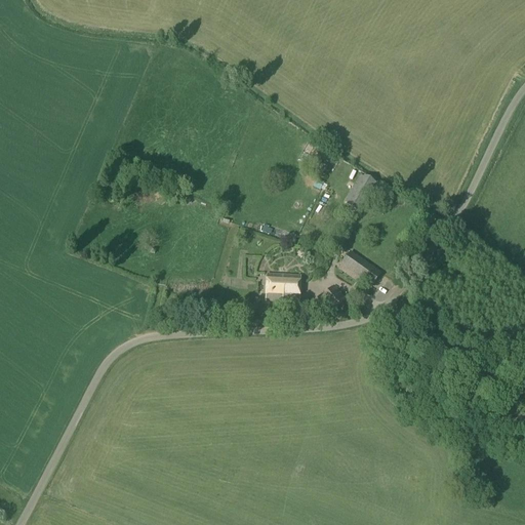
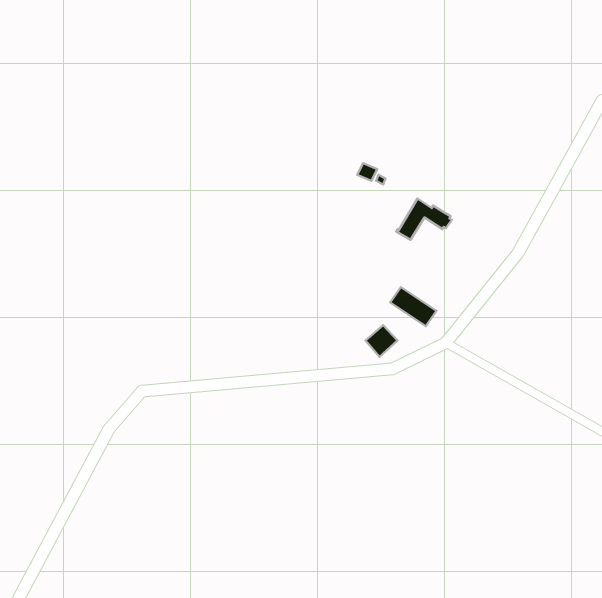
building: [262,271,297,298] -> none

